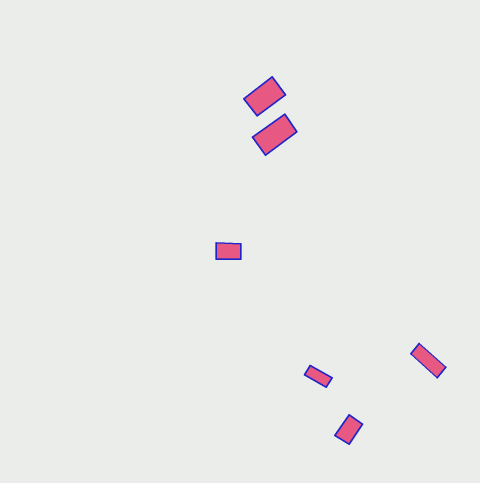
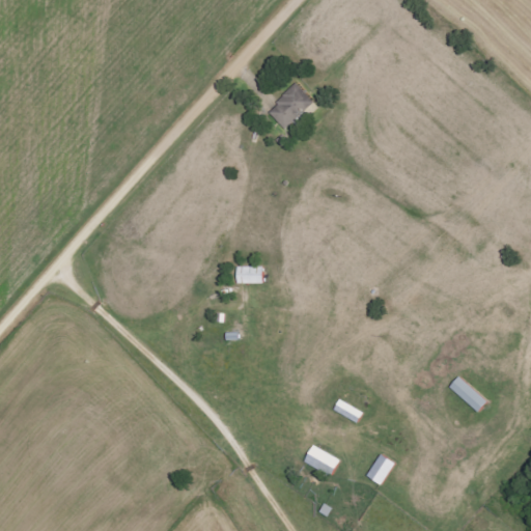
building: [252,114,297,155] -> none
building: none -> [304,445,340,477]

